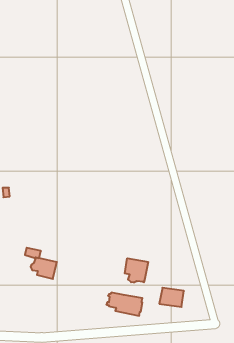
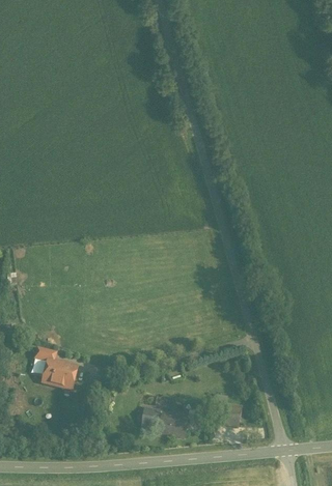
building: [125,258,148,283] -> none

